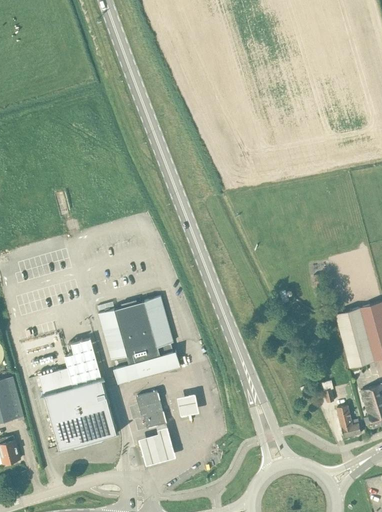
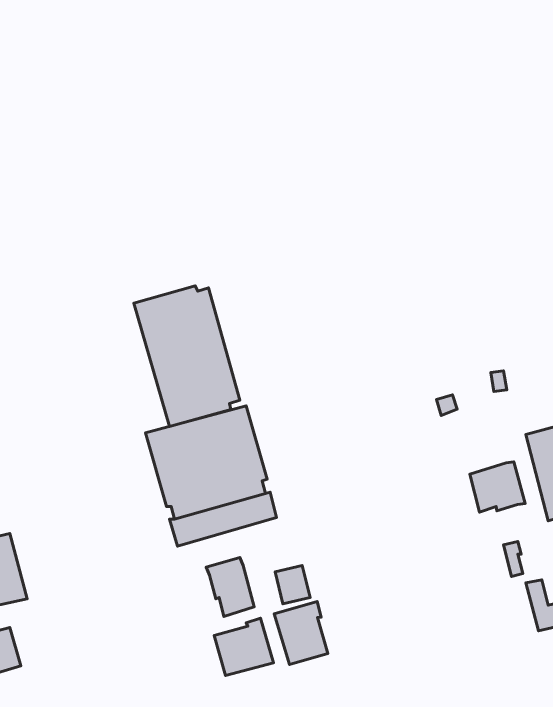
building: none -> [134,286,240,427]
building: none -> [470,462,525,512]
building: [37,339,117,450] -> none
building: none -> [274,601,328,665]

